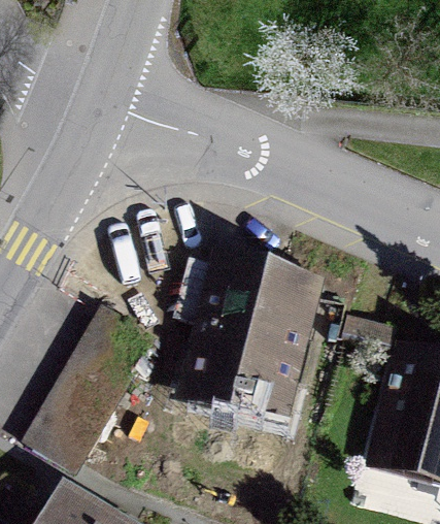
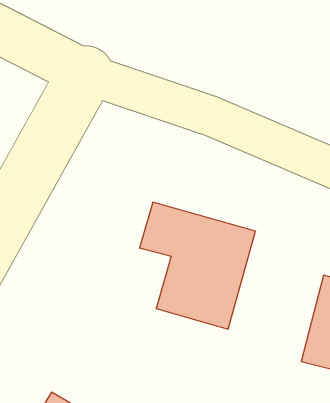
building: [28,315,156,477] -> none

